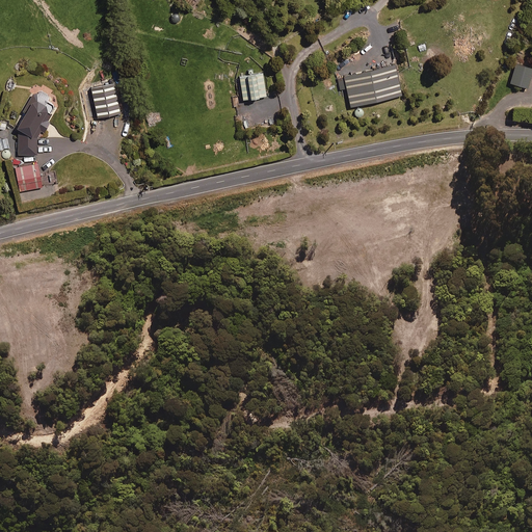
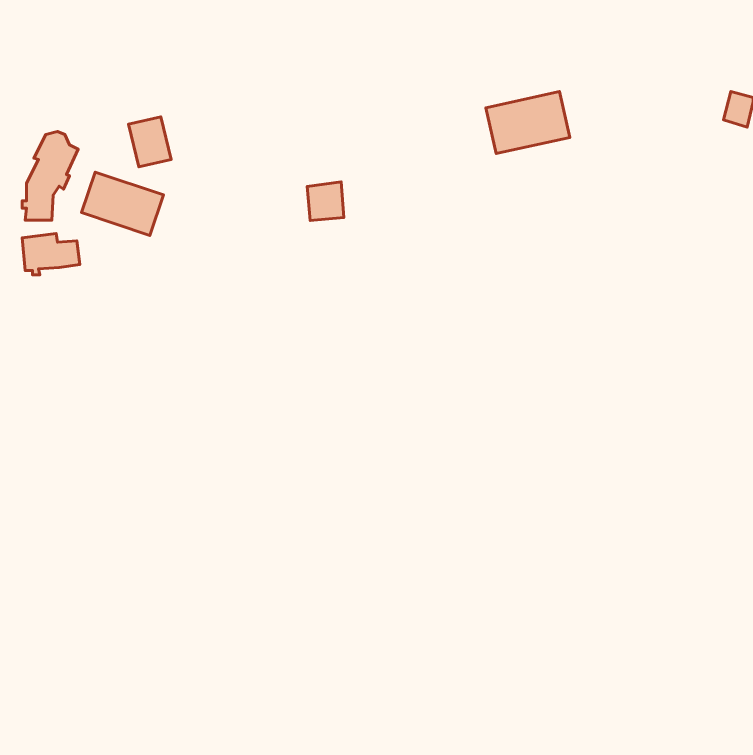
building: [238,74,264,101] -> [307,182,344,220]
building: none -> [81,172,163,235]

